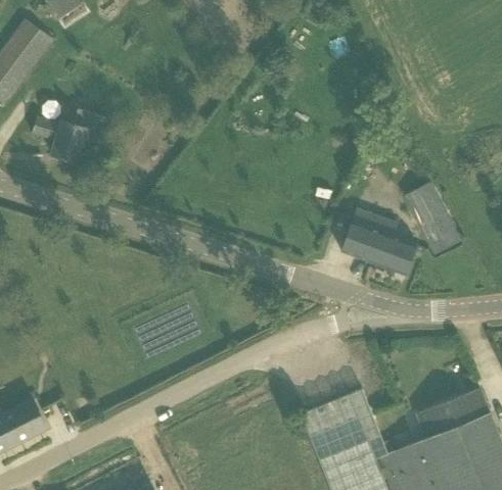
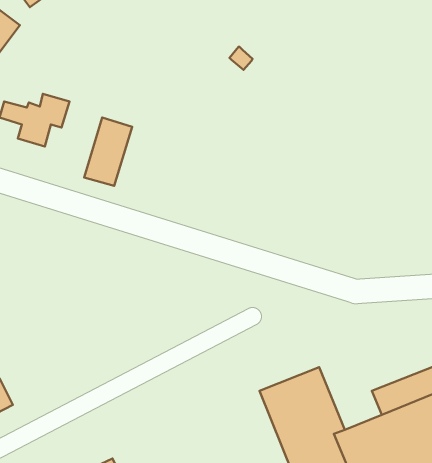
building: none -> [84,117,132,186]
building: [402,182,460,255] -> none
building: [340,206,416,275] -> none

